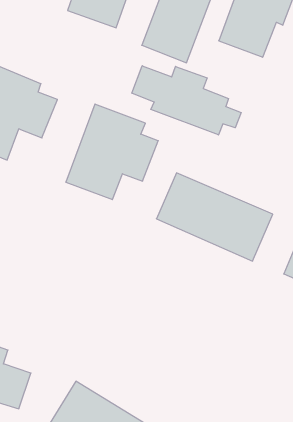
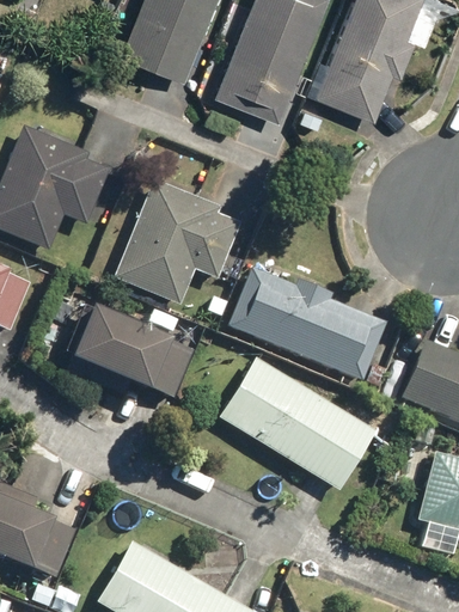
building: [132,66,241,135] -> none
building: none -> [42,306,194,399]
building: none -> [219,355,379,494]

